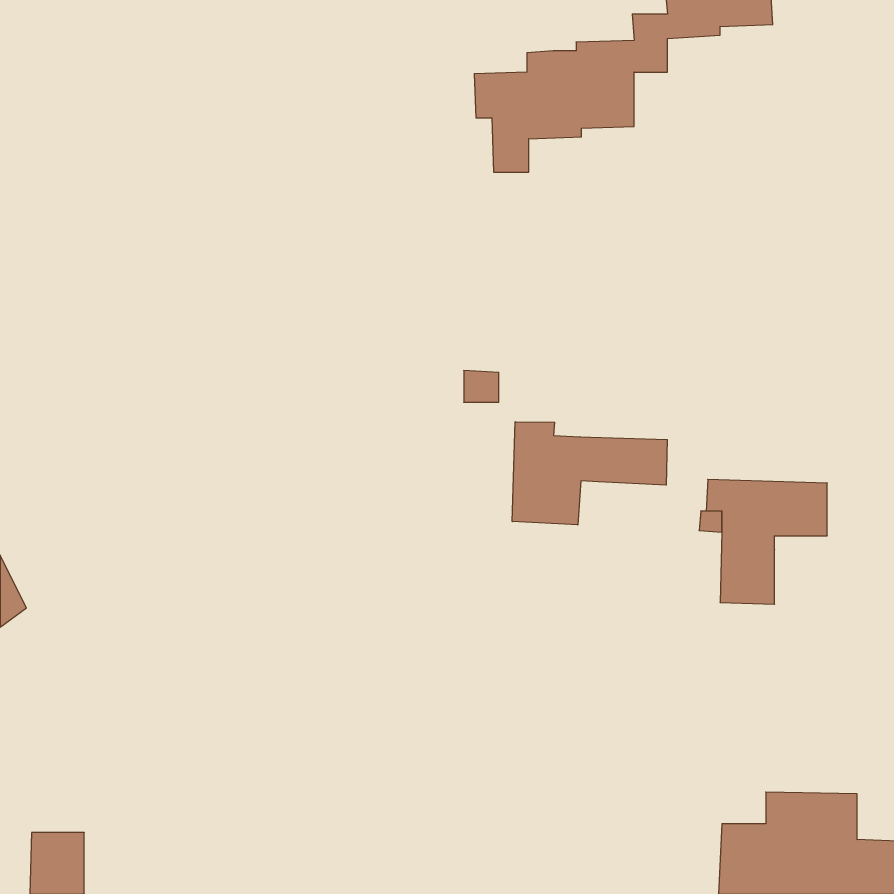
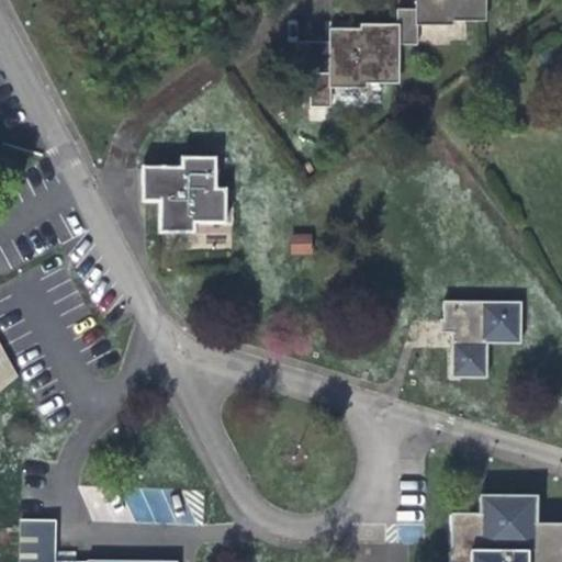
building: none -> [144,159,226,233]
building: [512,422,667,525] -> none

